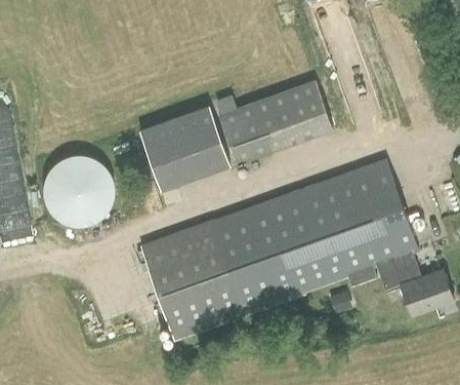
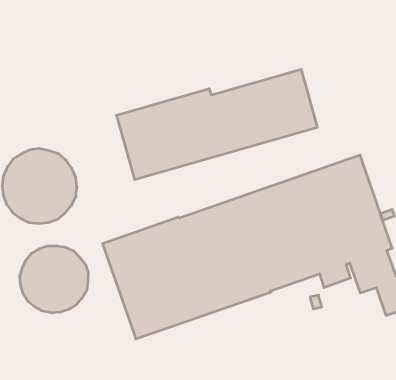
building: none -> [20,246,88,313]

